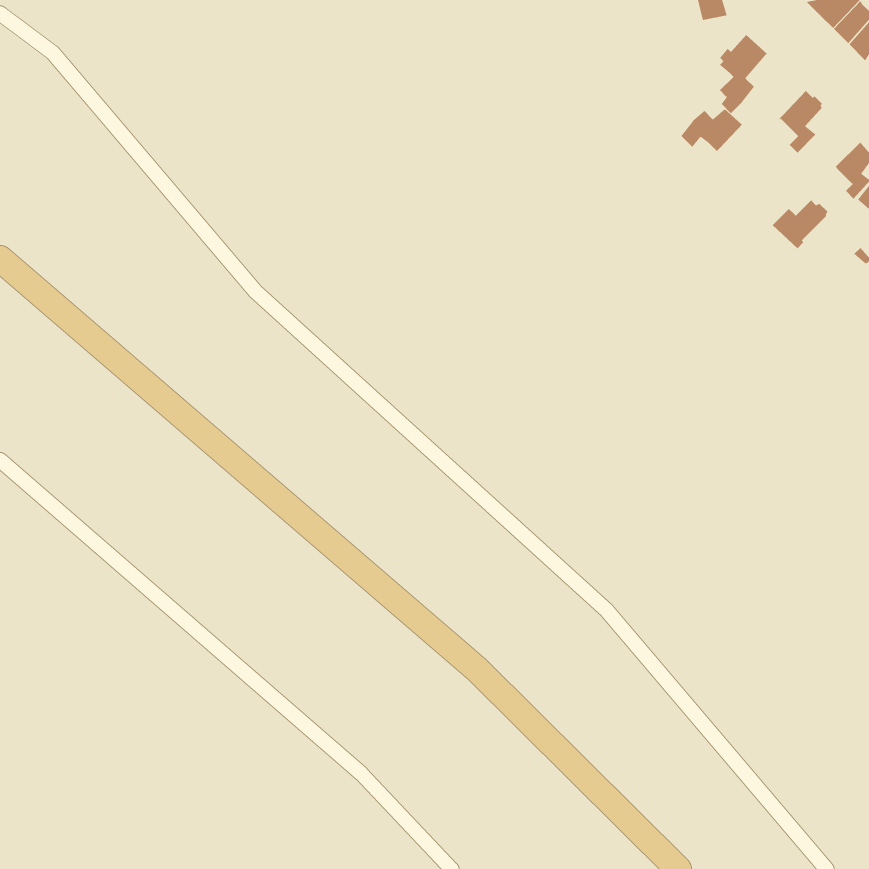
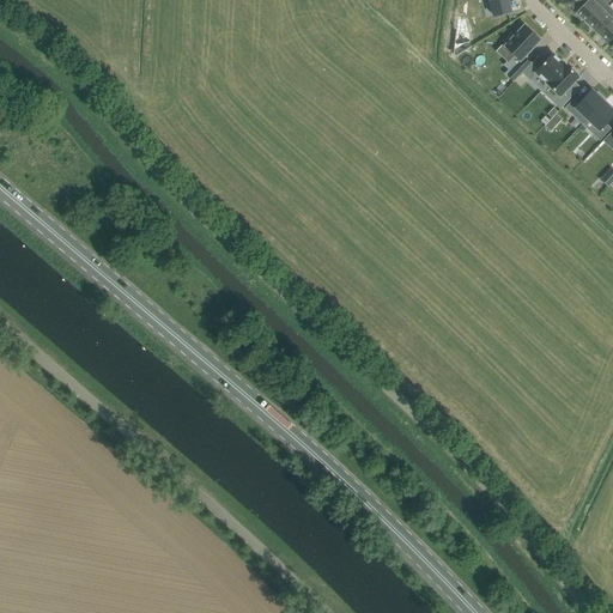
building: [680,109,744,161] -> [523,53,568,90]
building: [772,200,828,249] -> [566,89,606,123]

